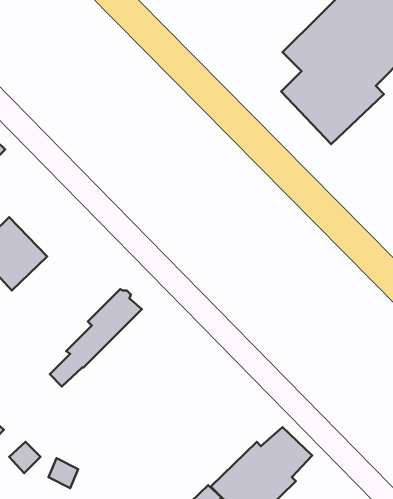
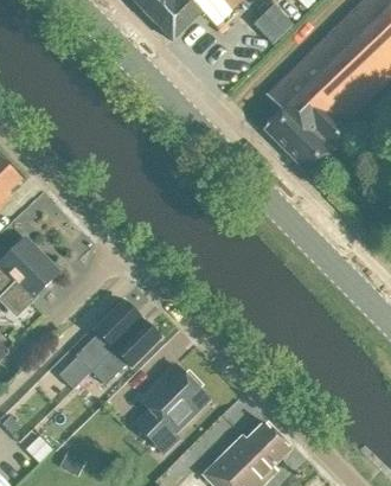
building: none -> [90,319,161,385]
building: none -> [139,364,213,452]

